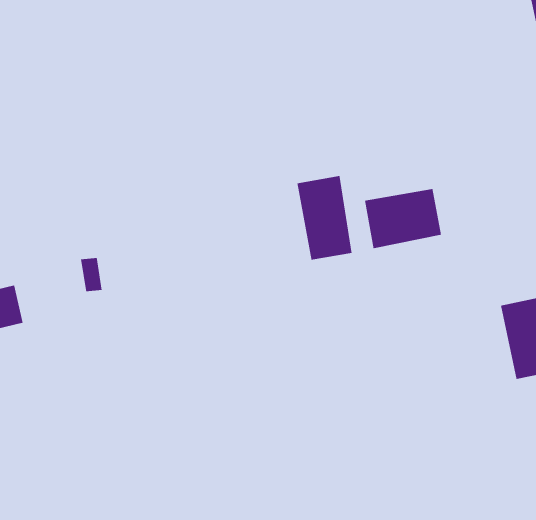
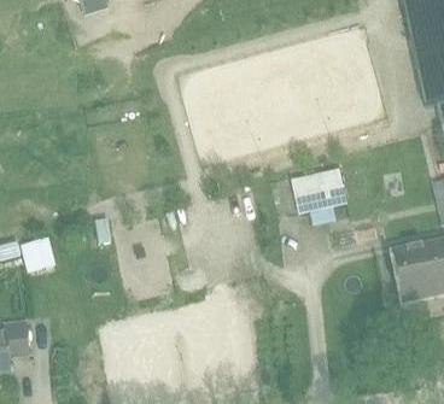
building: [297,175,352,260] -> none

